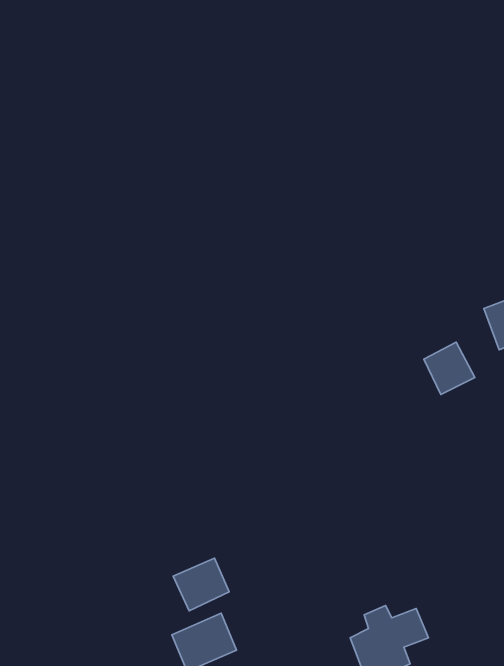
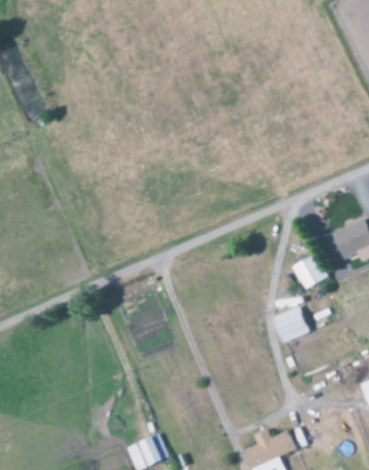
building: none -> [272,306,310,342]
building: [173,558,229,611] -> none

